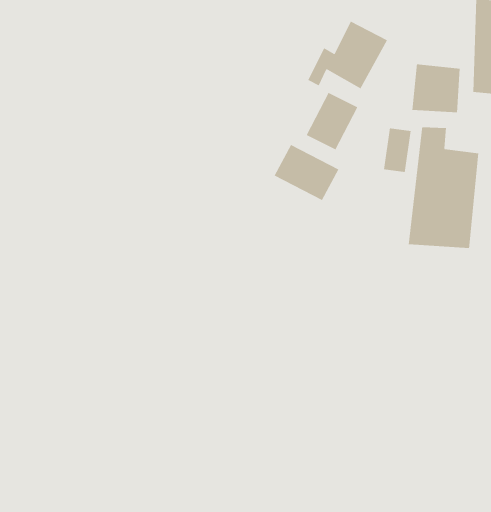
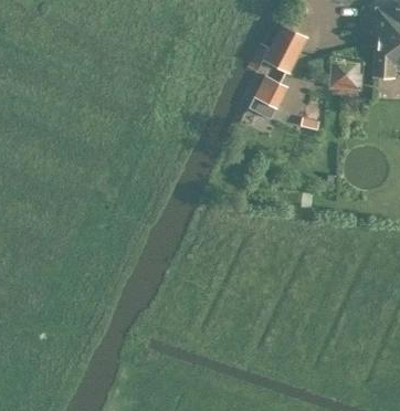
building: [408,127,479,249] -> none
building: [274,144,339,201] -> none

